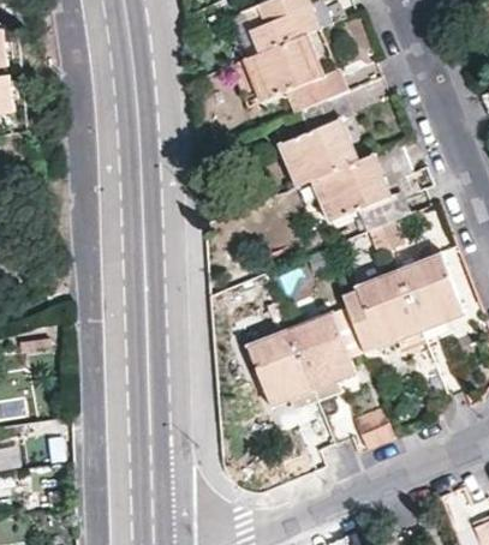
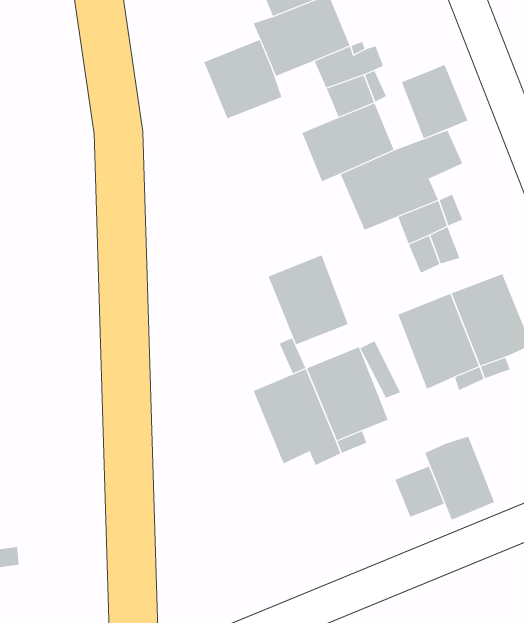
building: none -> [204,39,282,119]
building: none -> [401,64,468,139]
building: none -> [268,255,349,345]
building: none -> [424,436,495,521]

